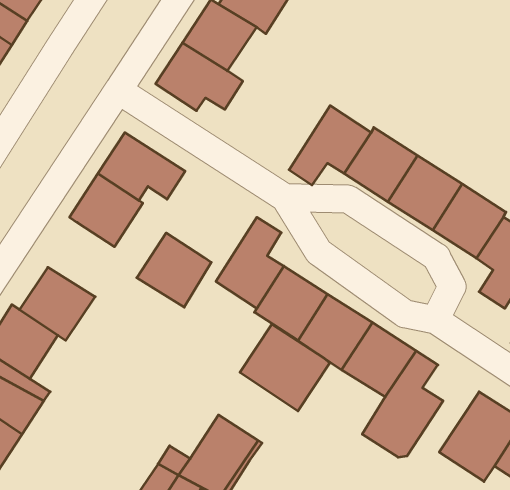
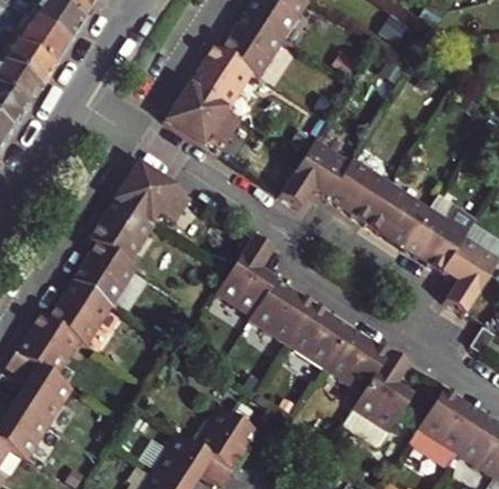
building: [137,233,211,307] -> [70,242,134,307]
building: [240,324,330,411] -> none

